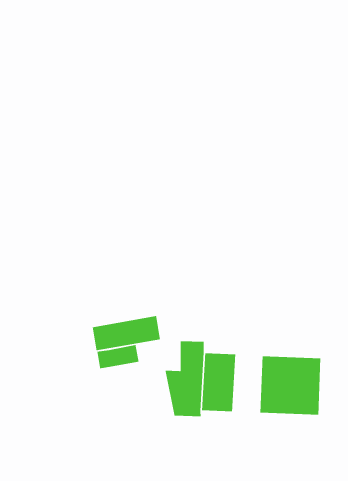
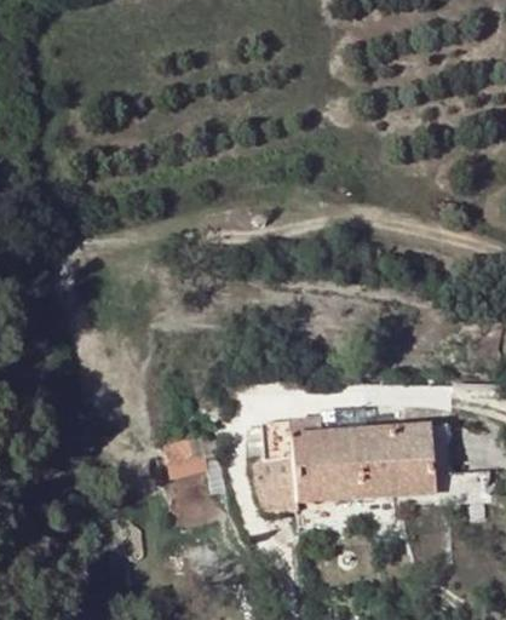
building: [92,315,161,351] -> none
building: none -> [332,429,367,499]

